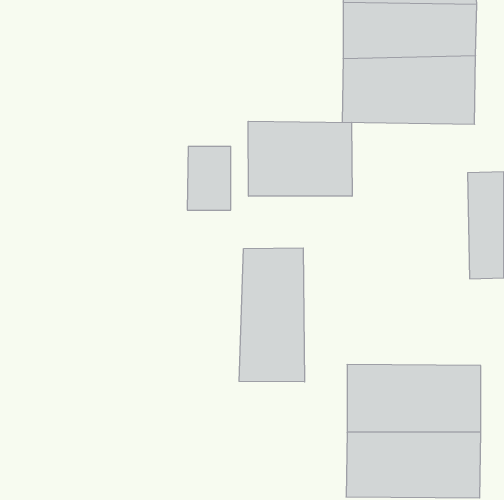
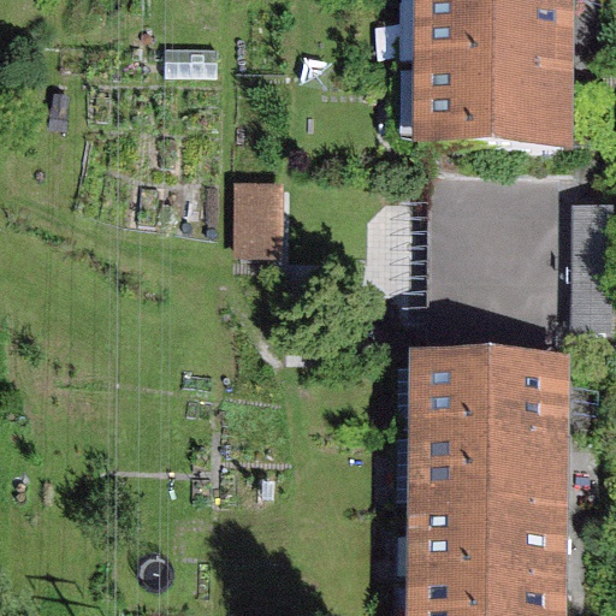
building: [248,121,352,196] -> none
building: [239,248,305,382] -> none
building: none -> [413,361,571,436]

